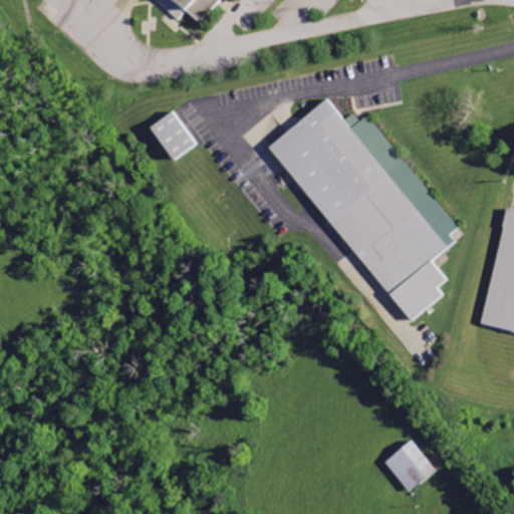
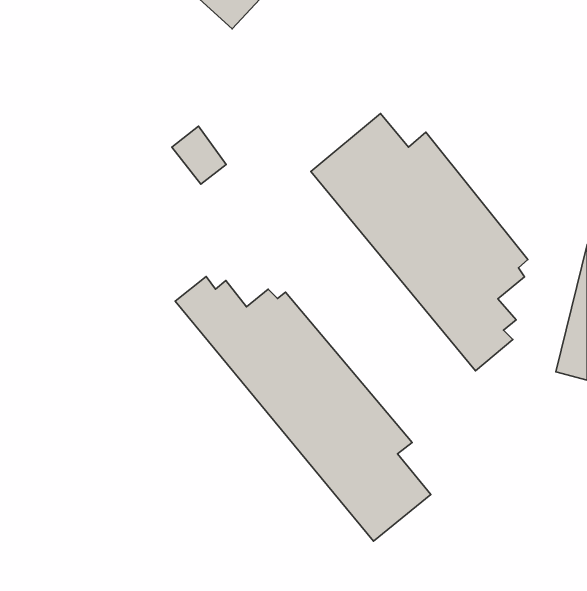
building: none -> [175,276,431,541]
building: [384,442,435,492] -> none

